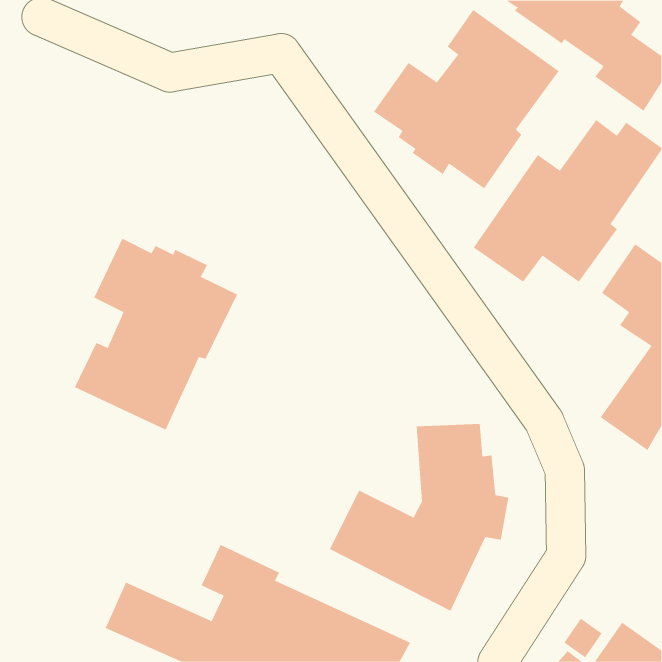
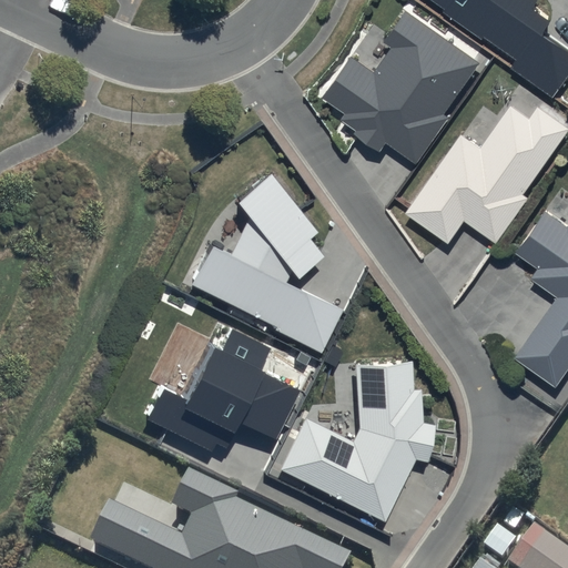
building: none -> [192,173,343,354]
building: [74,238,238,430] -> none
building: none -> [148,331,300,452]

